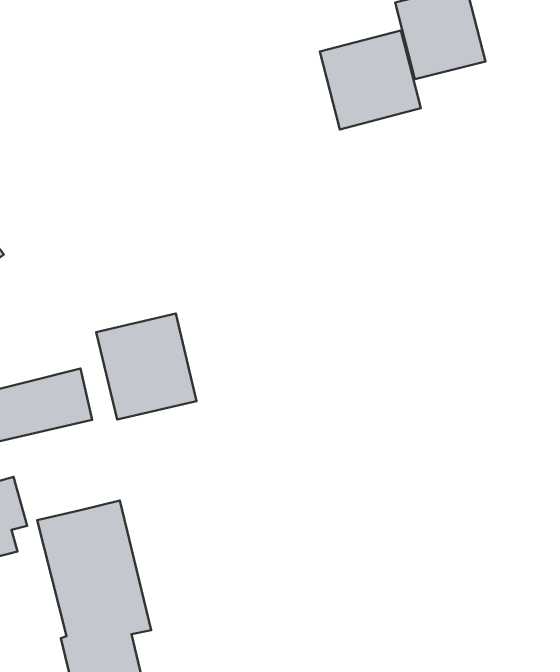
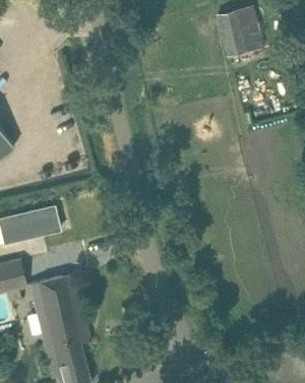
building: [320,30,421,130] -> none
building: [96,314,197,420] -> none

